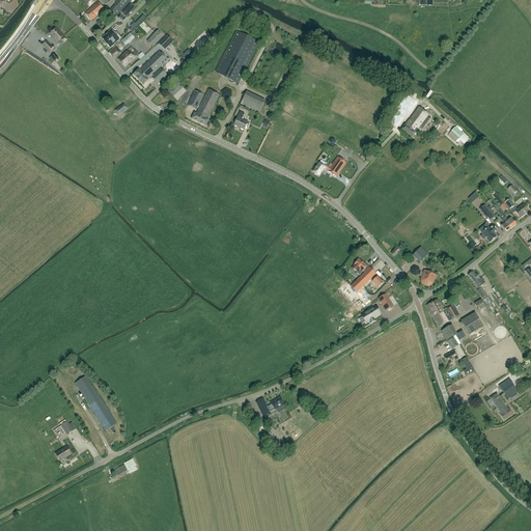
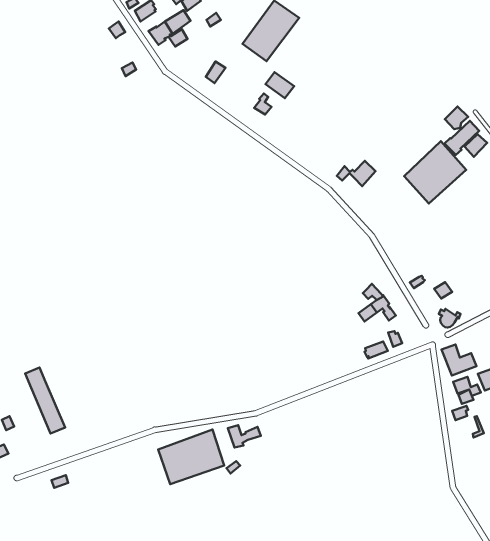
building: [191,88,219,125] -> none
building: none -> [404,141,466,203]
building: none -> [158,430,224,484]

